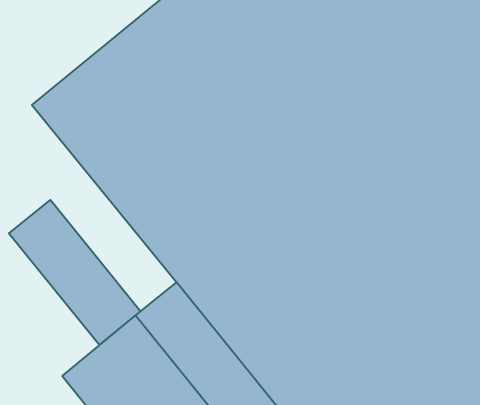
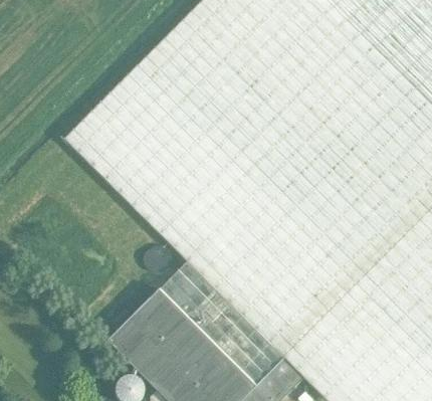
building: [9,200,140,345] -> none

